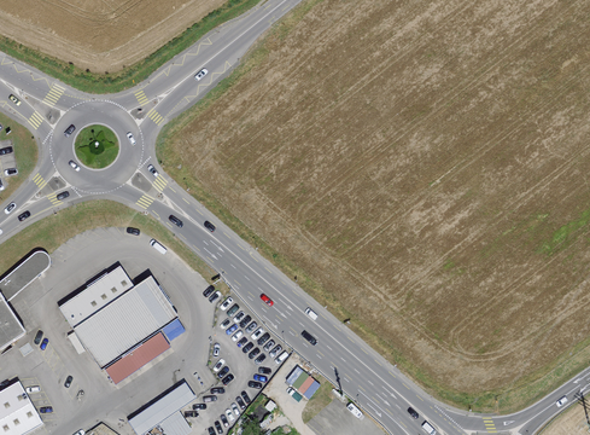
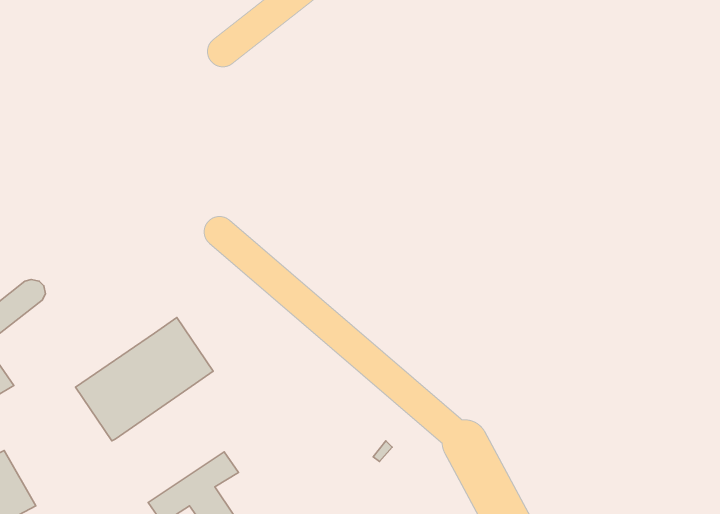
building: [56,269,133,332] -> none
building: [103,334,169,388] -> none

